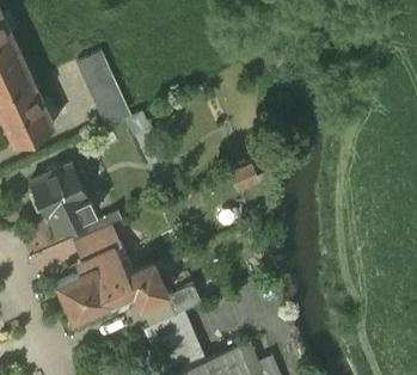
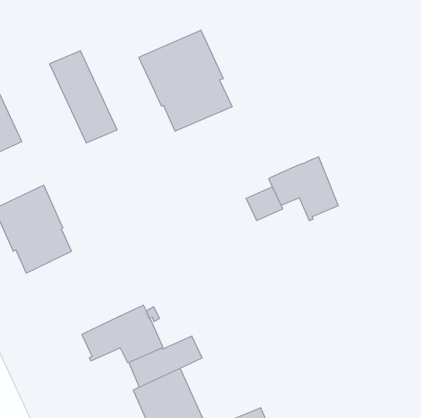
building: none -> [139,30,232,131]
building: none -> [269,157,338,221]
building: [56,225,131,319] -> none

